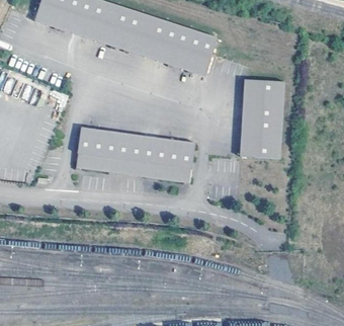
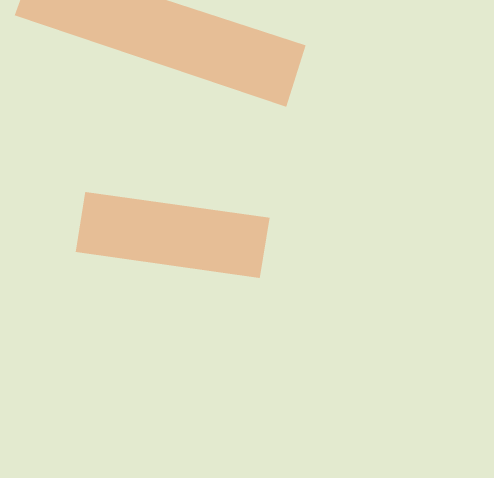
building: [240,79,282,157] -> none

